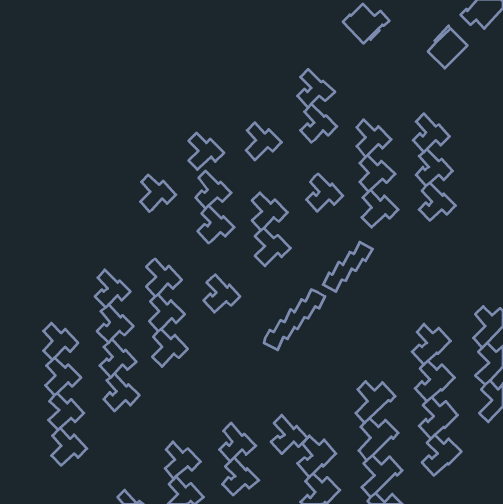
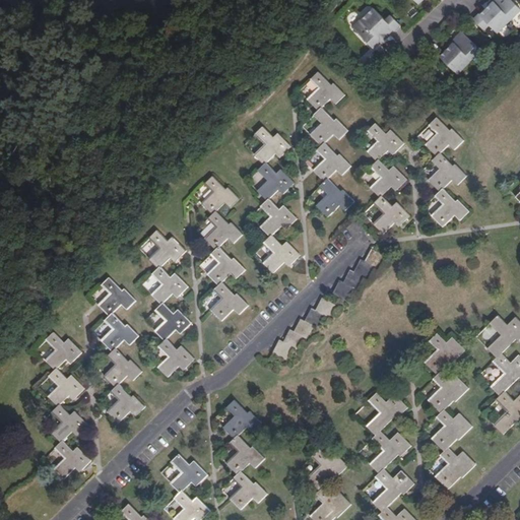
building: [189,133,224,170] -> [256,162,292,200]
building: none -> [312,143,350,182]
building: [140,175,176,212] -> [147,231,184,268]
building: none -> [206,247,244,285]
building: [271,415,308,454] -> [222,399,260,439]

